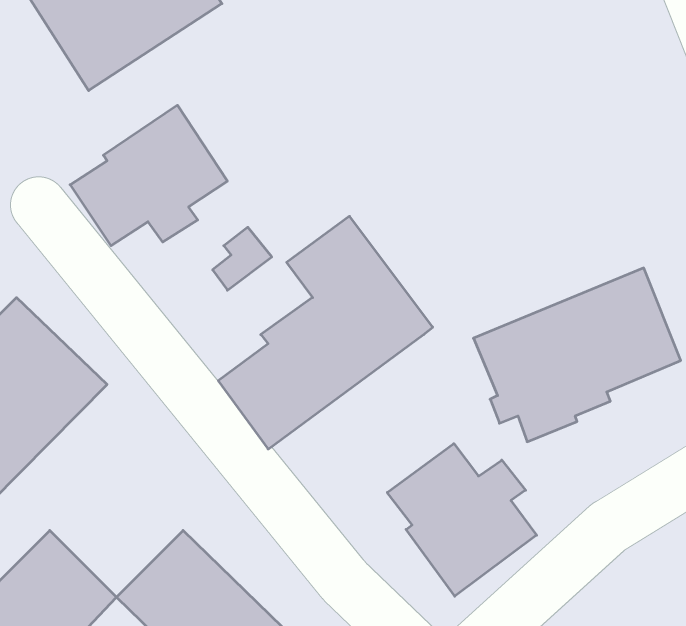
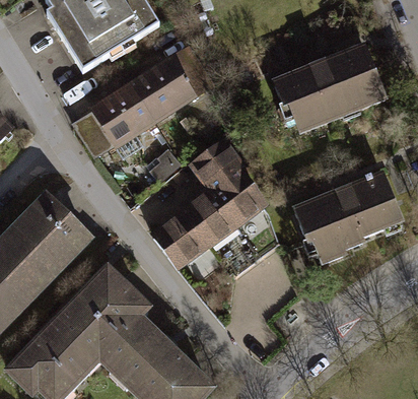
building: none -> [273,43,391,134]
building: none -> [131,44,213,122]
building: [387,444,537,596] -> none
building: none -> [61,268,143,350]

